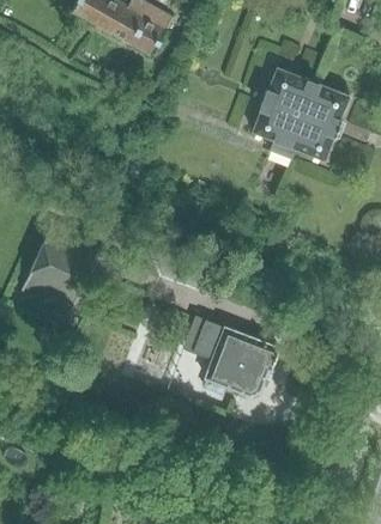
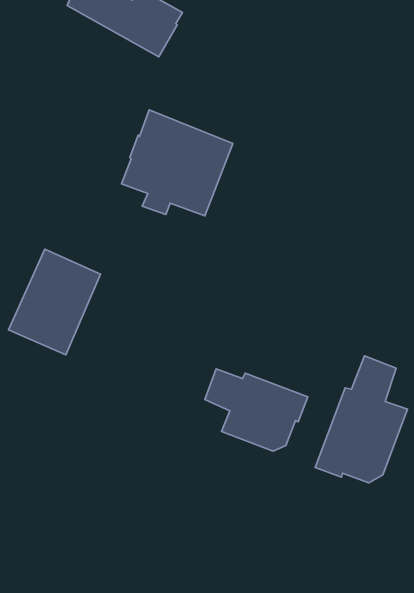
building: [250,67,346,158] -> [121,110,233,216]
building: none -> [315,356,407,483]

